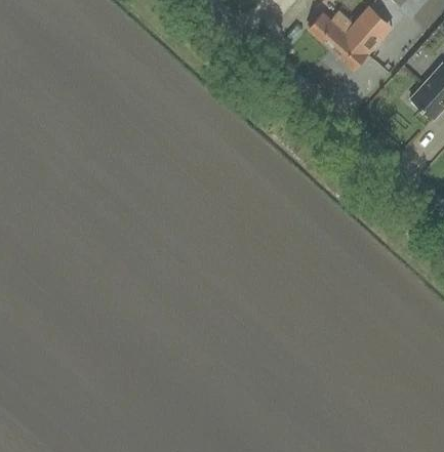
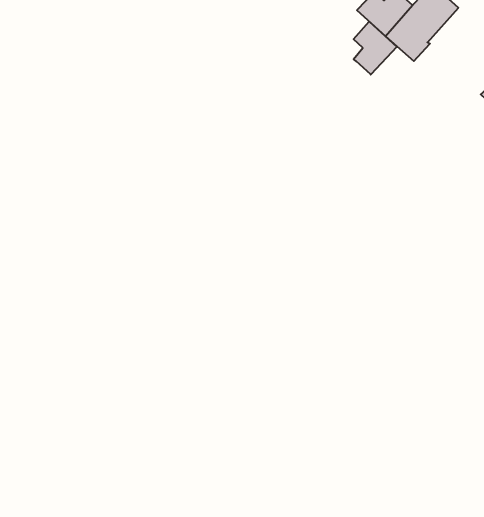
building: none -> [354,21,397,75]

